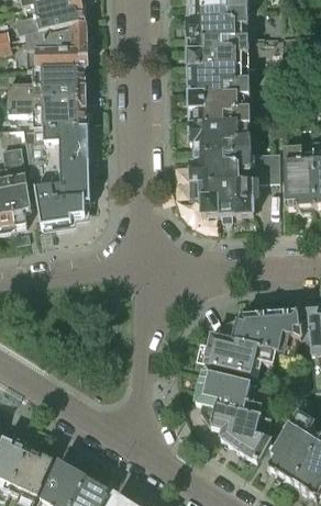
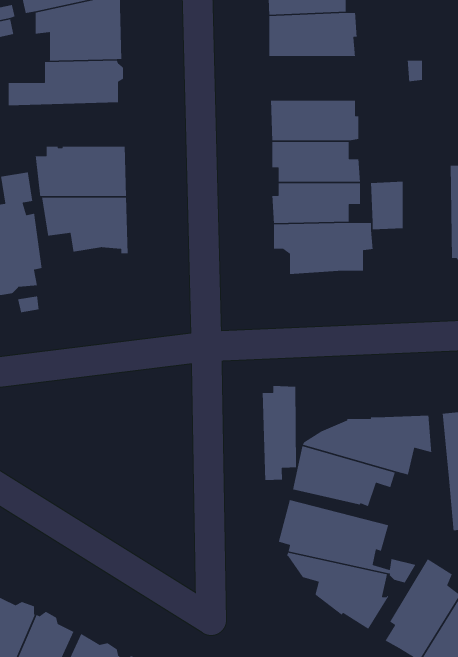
building: [187,64,250,93] -> none
building: [7,95,88,126] -> none
building: [284,138,313,209] -> none
building: [34,185,85,224] -> none
building: none -> [262,385,297,481]

